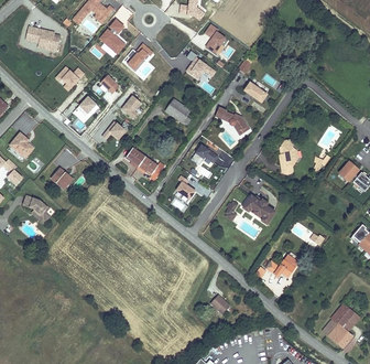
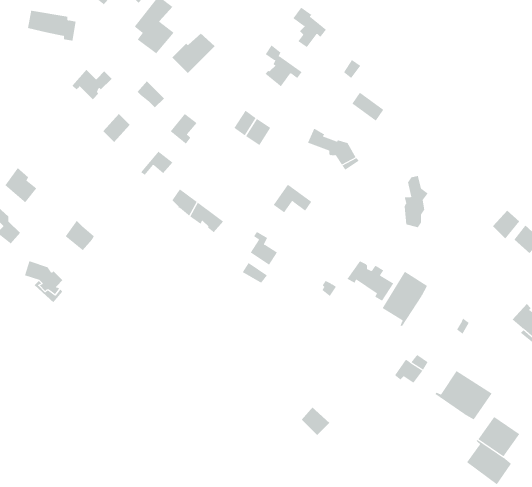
building: none -> [382,271,428,327]
building: none -> [435,370,493,420]

